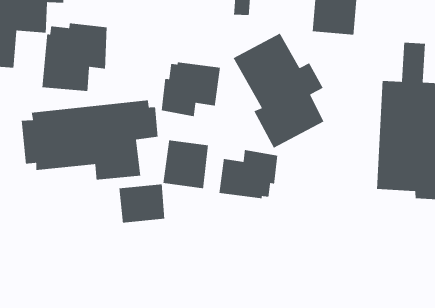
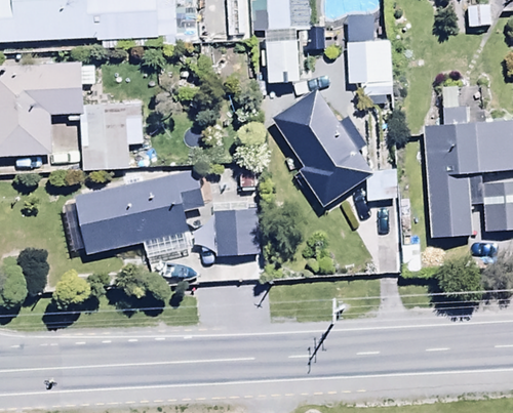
building: [161,61,221,117] -> none
building: [218,149,278,199] -> none
building: [119,184,165,223] -> none

